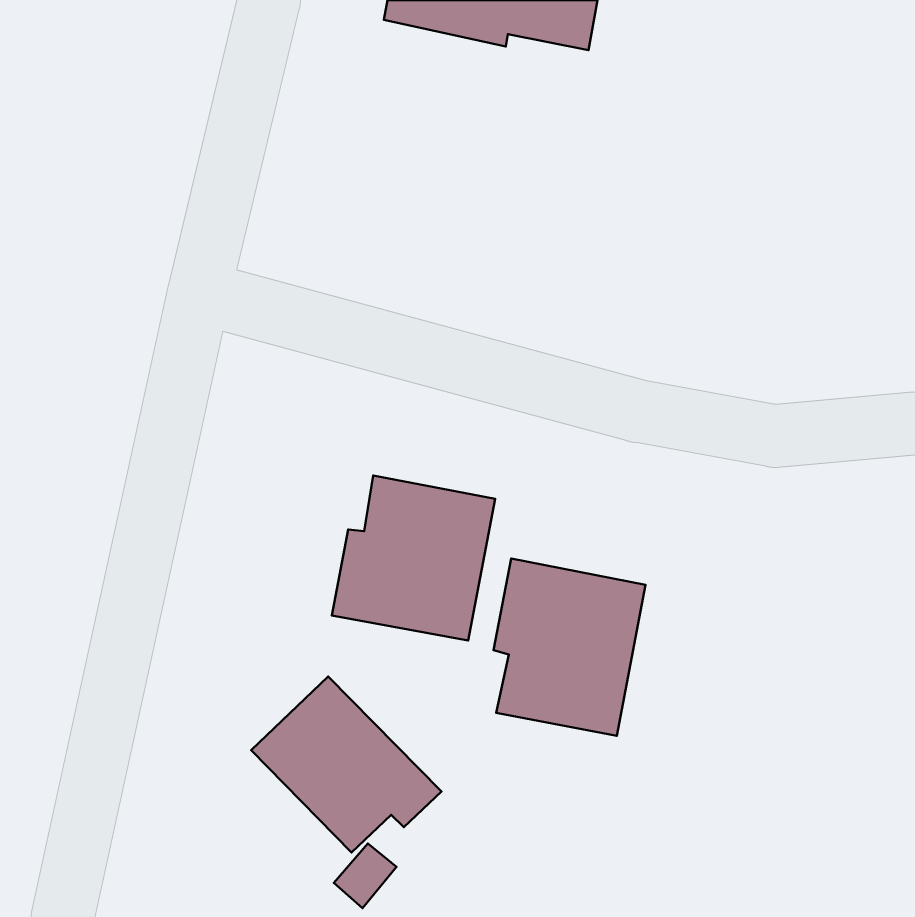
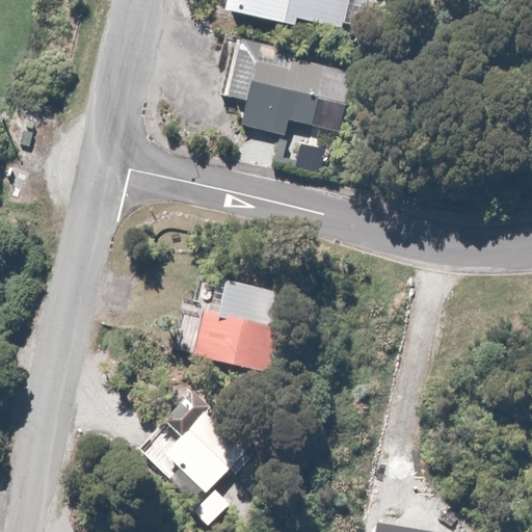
building: none -> [225,42,326,133]
building: [494,558,645,736] -> none

